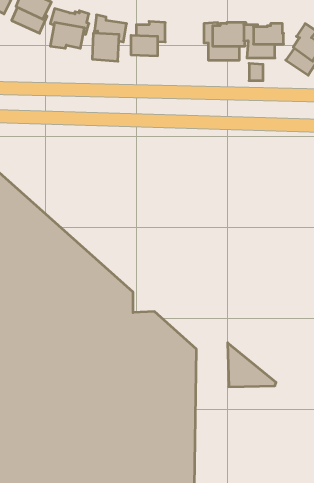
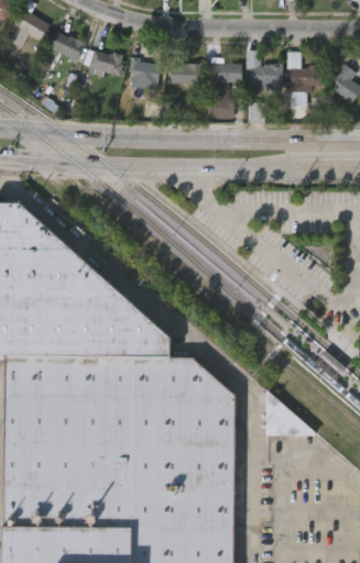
building: none -> [208,57,243,119]

